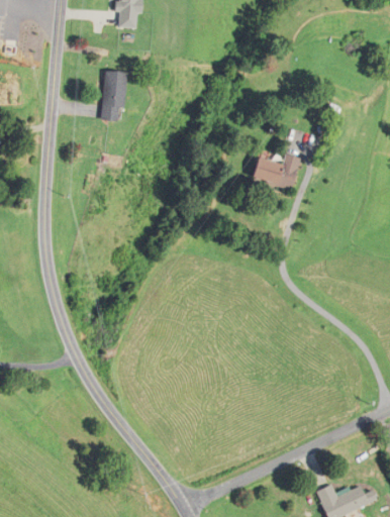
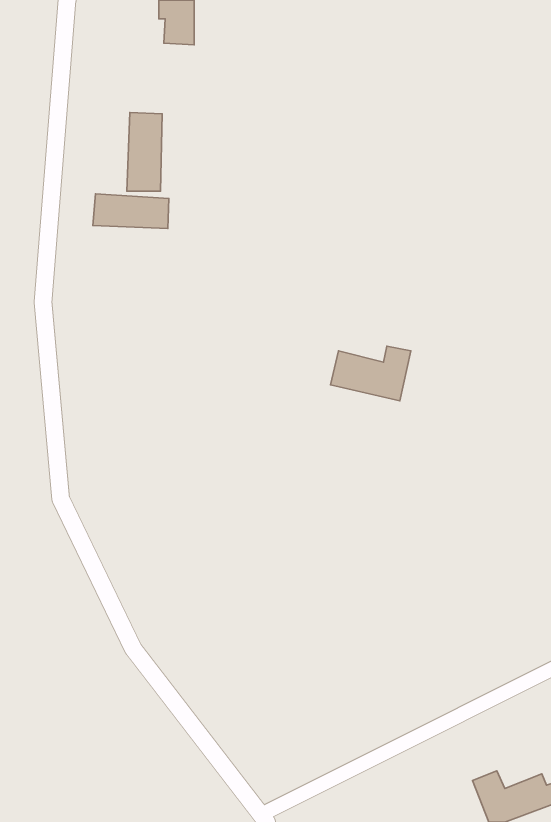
building: none -> [93,194,169,228]
building: [250,154,300,189] -> [330,346,411,401]

